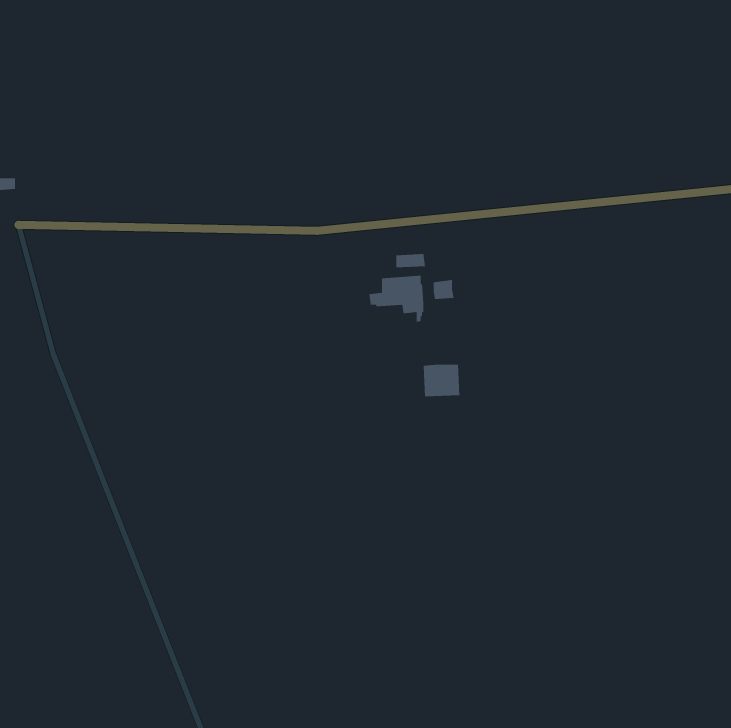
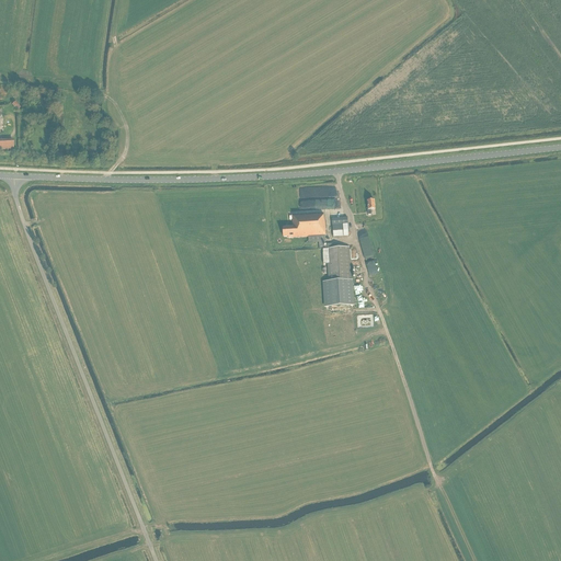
building: none -> [321,240,351,279]

